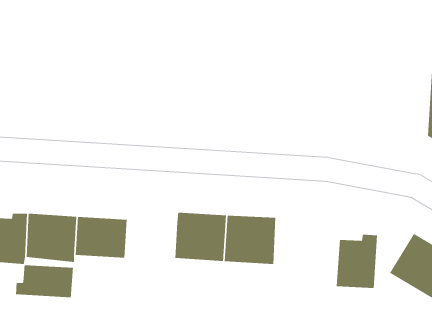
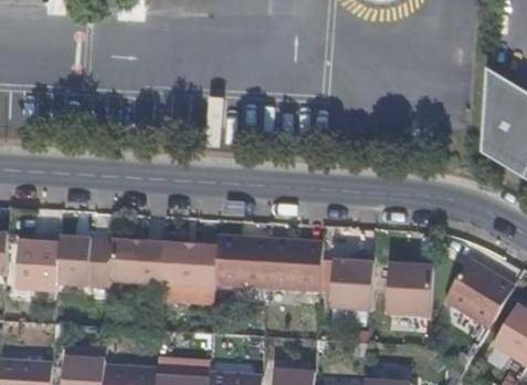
building: none -> [162,243,217,288]
building: none -> [329,254,373,310]
building: [16,264,73,298] -> none

